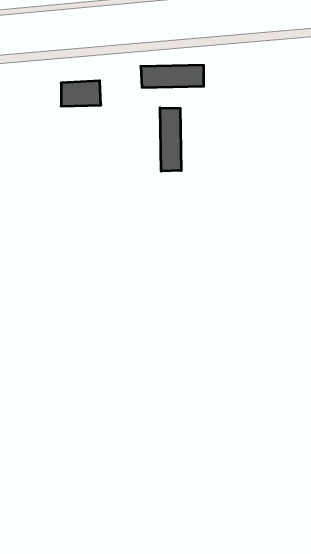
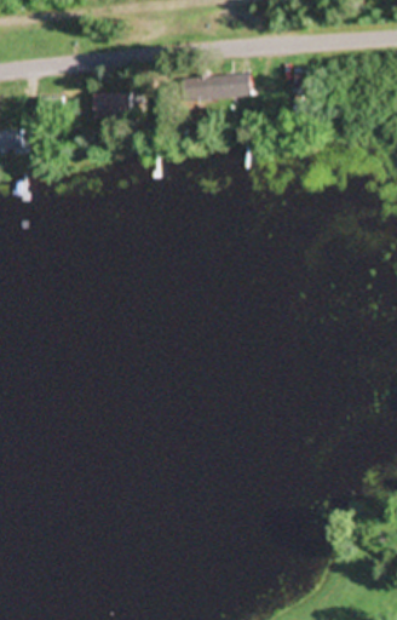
building: [160,108,181,171] -> none

